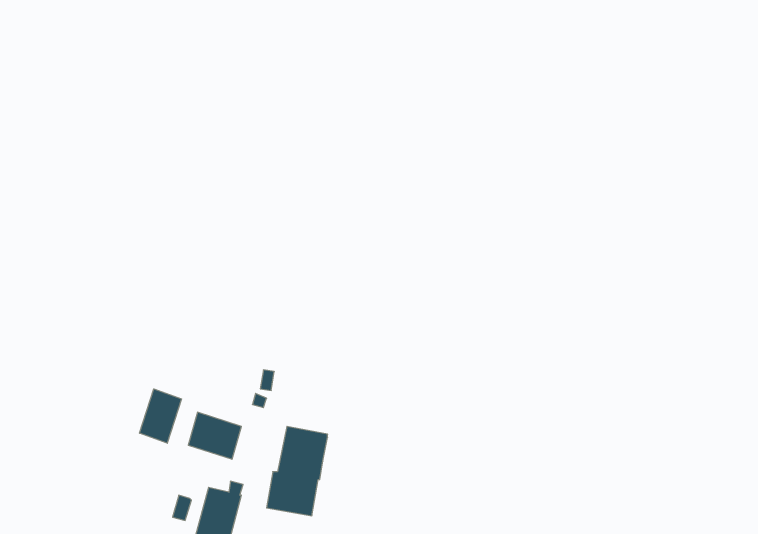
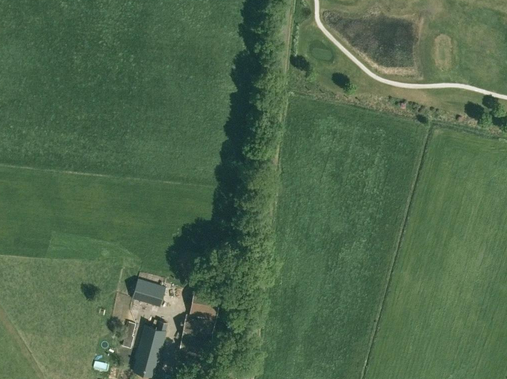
building: [140,389,181,443] -> none

